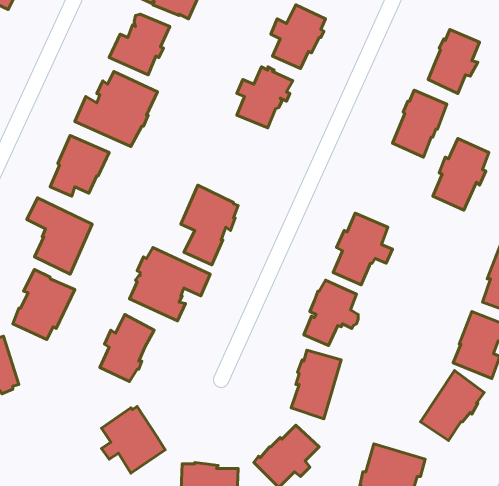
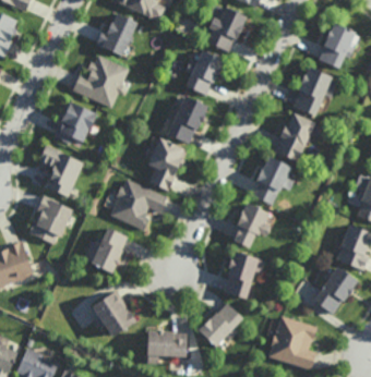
building: none -> [167,94,207,143]
building: [433,138,489,210] -> [276,111,315,161]

